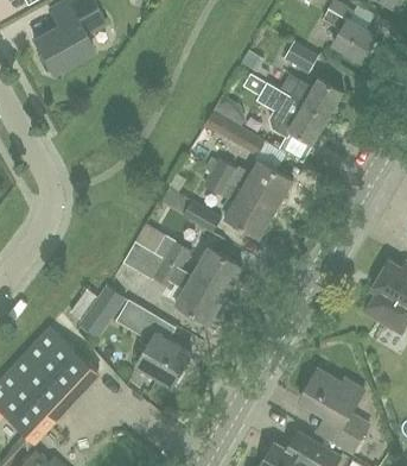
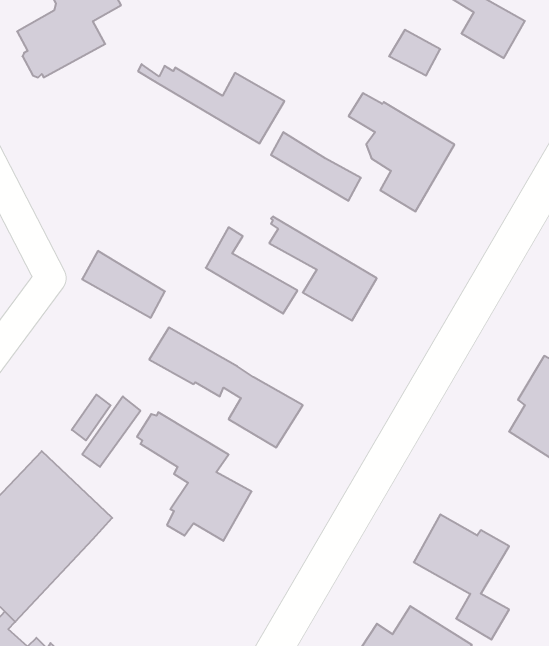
building: [281,73,344,118] -> none
building: [195,155,293,208] -> [138,64,284,143]
building: [136,222,192,267] -> [82,251,165,318]
building: [193,246,243,294] -> none

